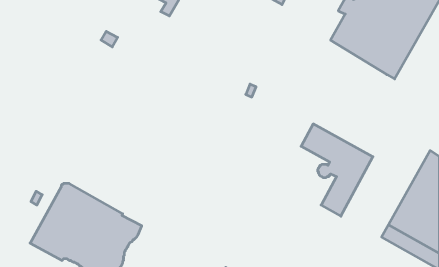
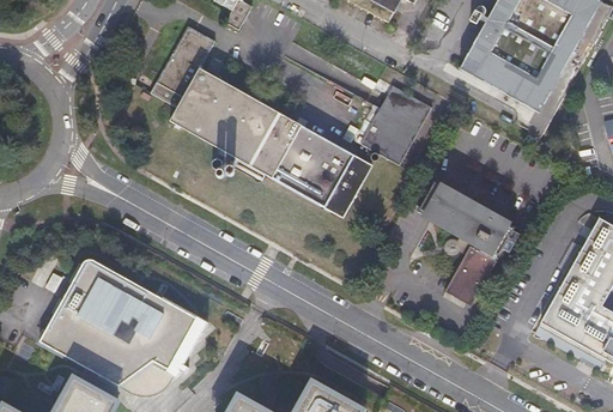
building: none -> [157,23,366,213]
building: none -> [358,85,426,160]

